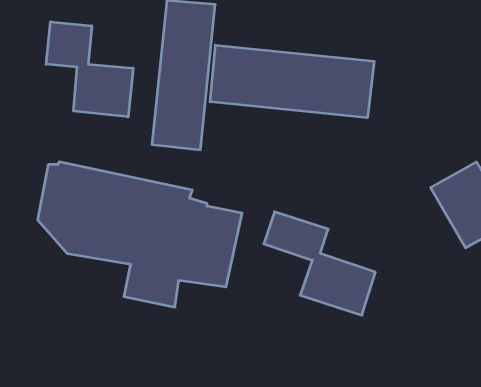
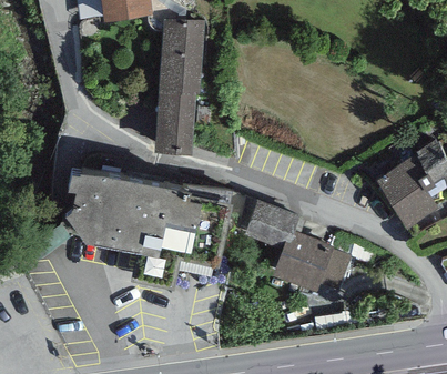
building: [46,22,133,117] -> none
building: [210,45,374,118] -> none

